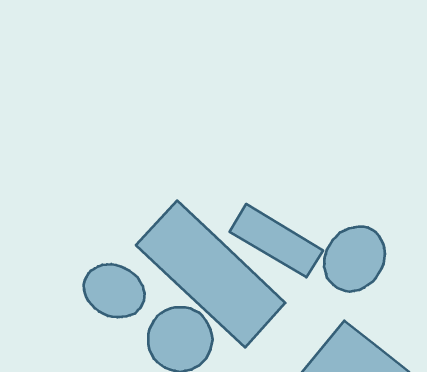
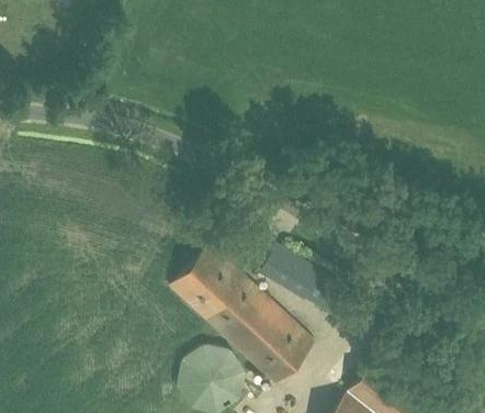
building: [324,227,385,292] -> none
building: [84,264,144,317] -> none

